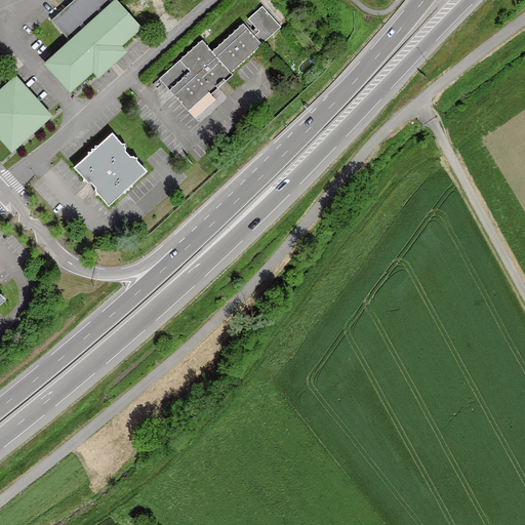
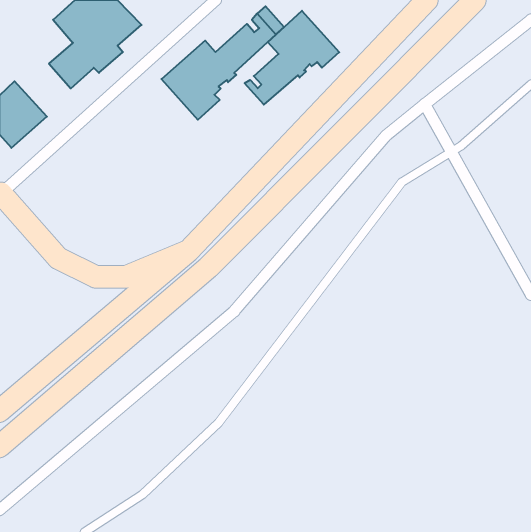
building: none -> [245,11,339,105]
building: [75,133,146,204] -> none

